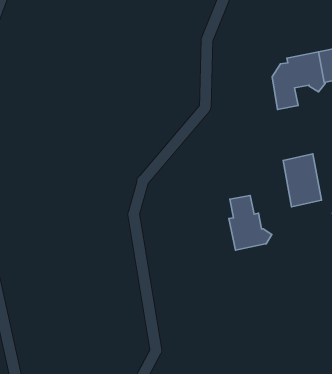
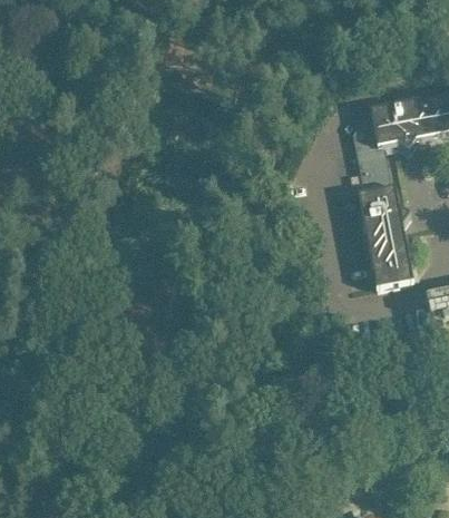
building: [229,195,272,250] -> [358,166,409,232]

